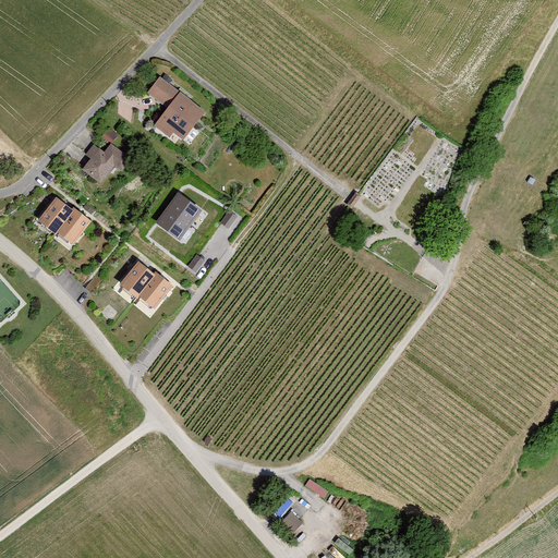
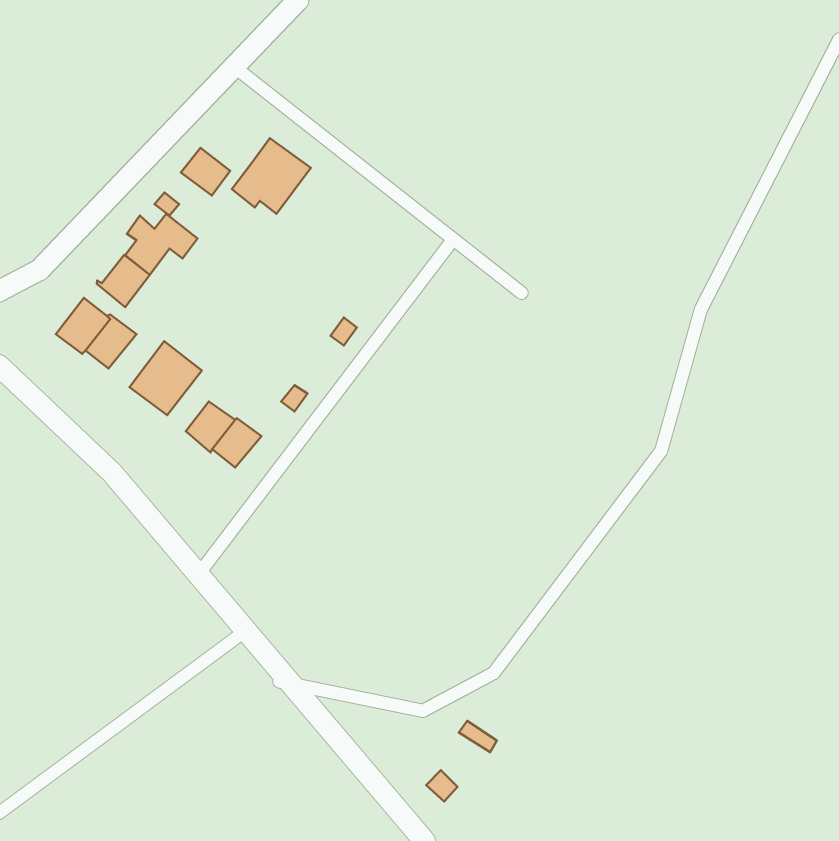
building: [146,76,179,108] -> [181,148,230,196]
building: none -> [97,255,150,307]
building: [154,192,202,241] -> [129,341,202,415]

